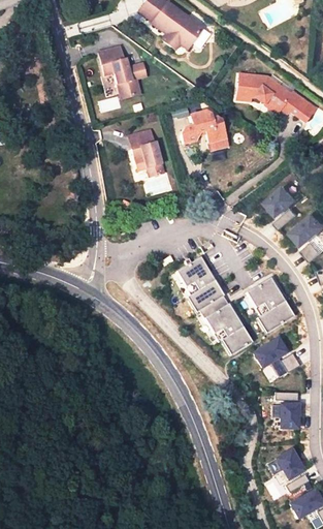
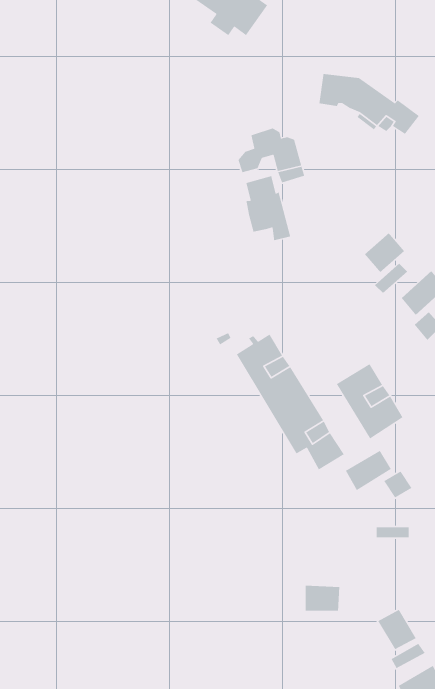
building: [98,46,142,98] -> none
building: [131,131,163,178] -> [245,175,291,241]
building: [273,404,298,423] -> [305,585,340,611]

